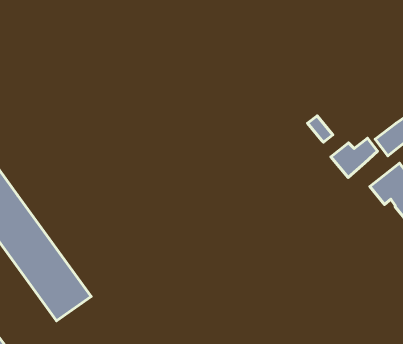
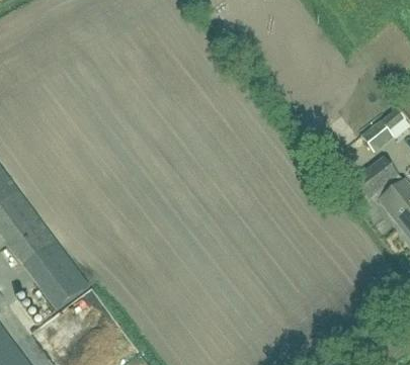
building: [331,138,377,177] -> none

